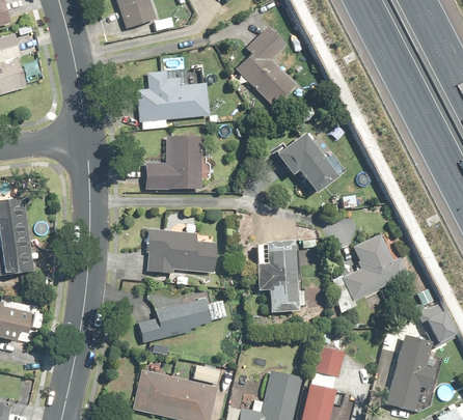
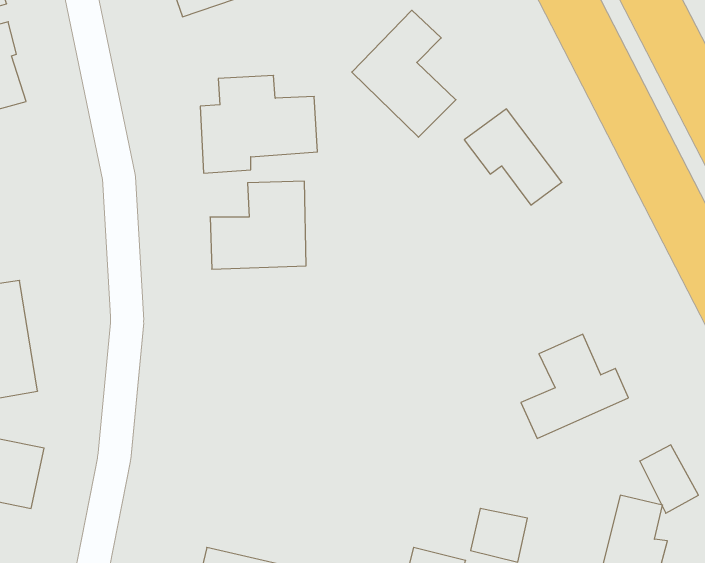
building: [272,131,334,192] -> [464,109,562,205]
building: [146,228,222,271] -> none
building: [254,242,295,312] -> none
building: [139,299,210,341] -> none

